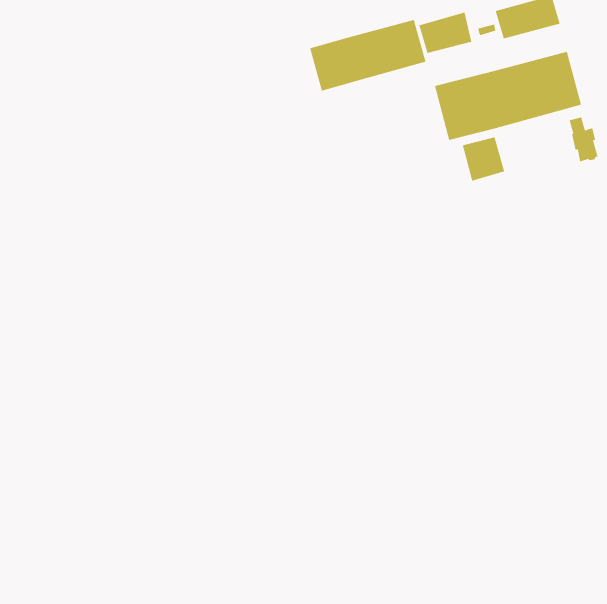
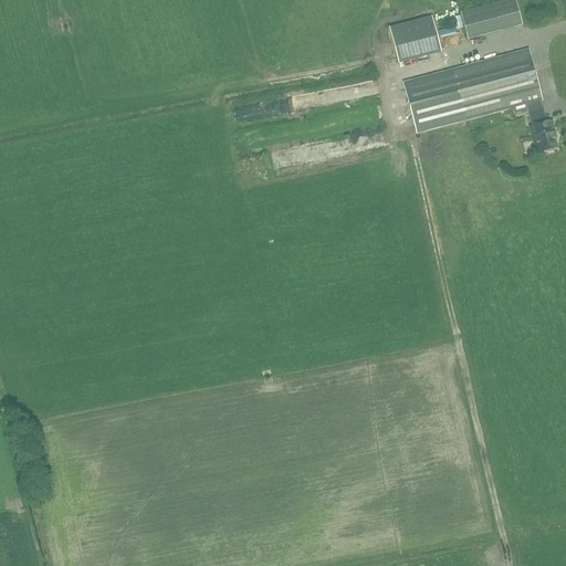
building: [309,19,426,92] -> none
building: [462,137,505,182] -> none

